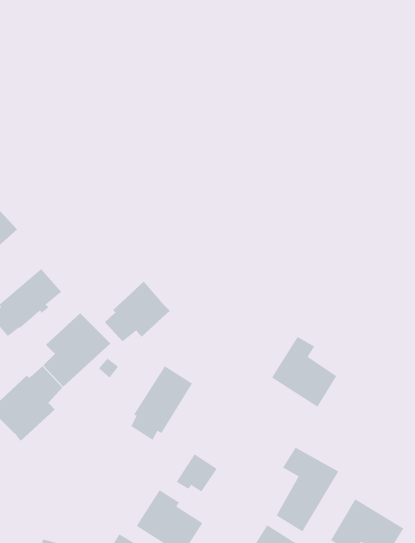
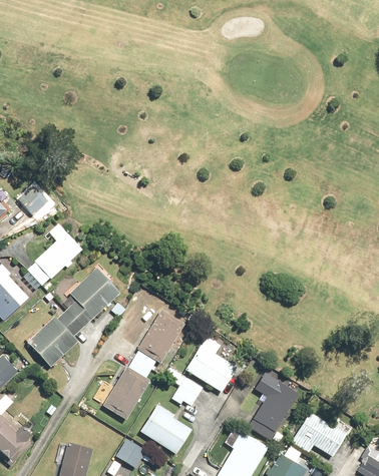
building: [104,281,171,342] -> none
building: [271,336,337,407] -> [185,338,237,393]
building: none -> [102,355,152,420]

